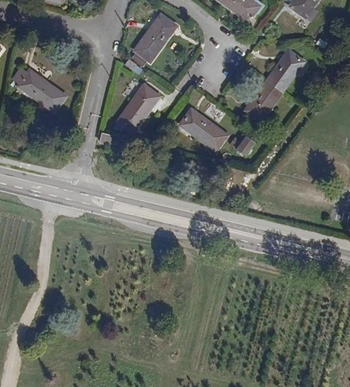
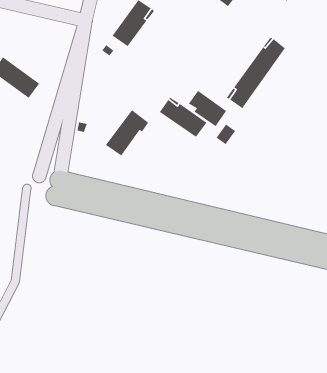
building: [117,84,160,130] -> [105,109,149,157]
building: none -> [188,90,227,127]

